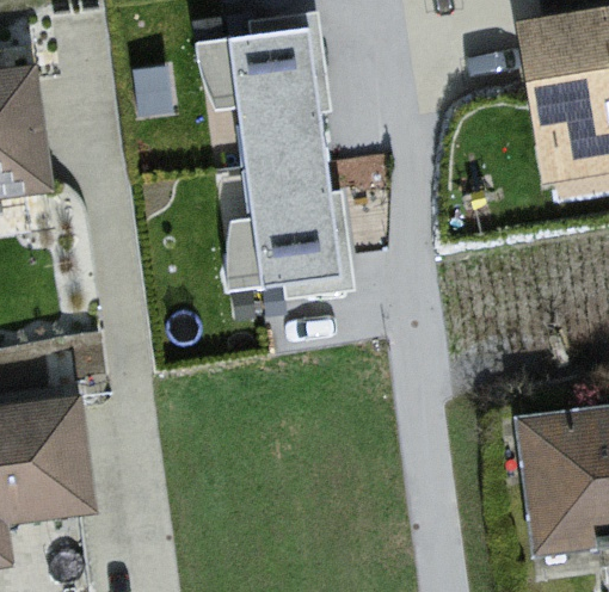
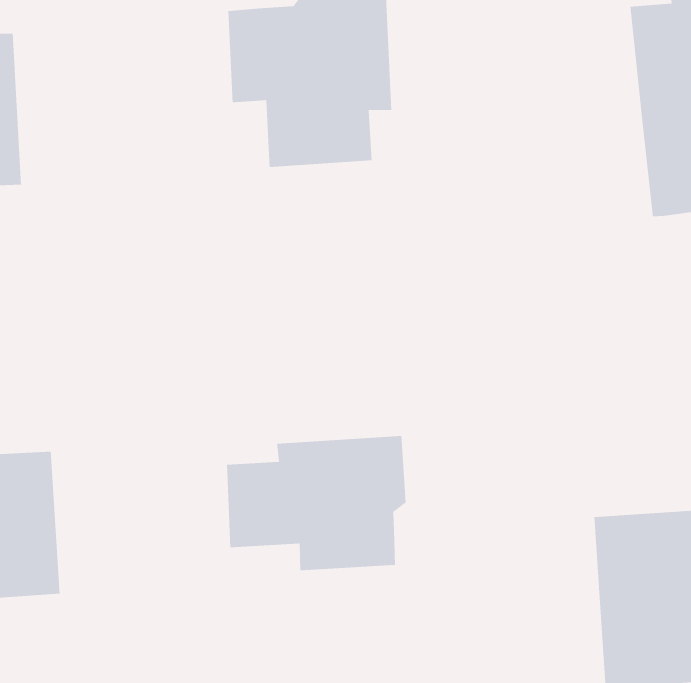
building: [221,153,356,295] -> none
building: none -> [226,435,407,571]

